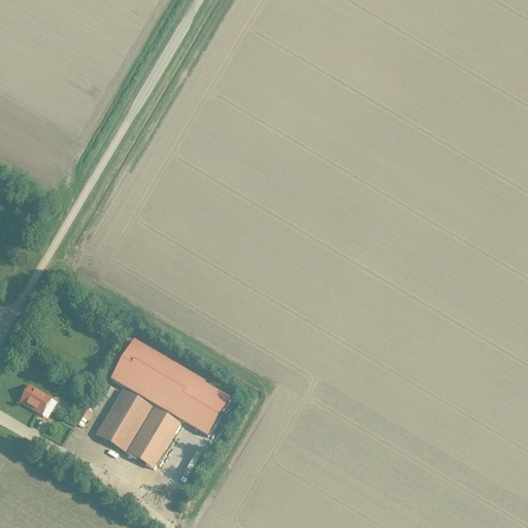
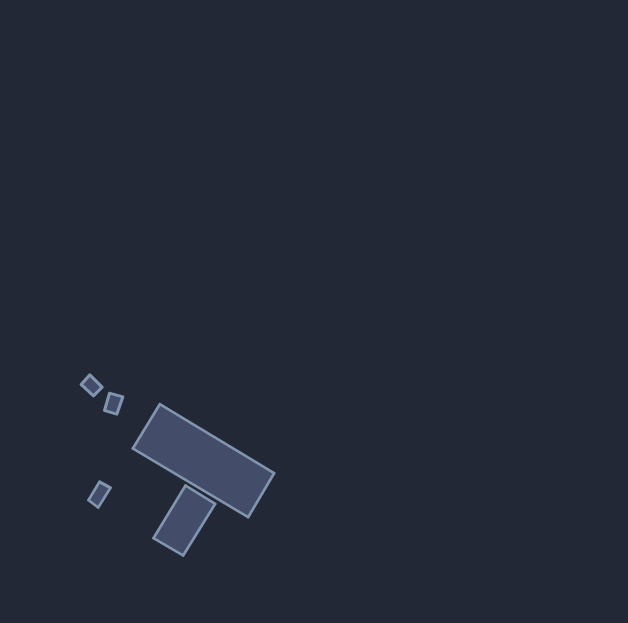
building: [21,383,52,412] -> none
building: [96,388,156,452] -> none

